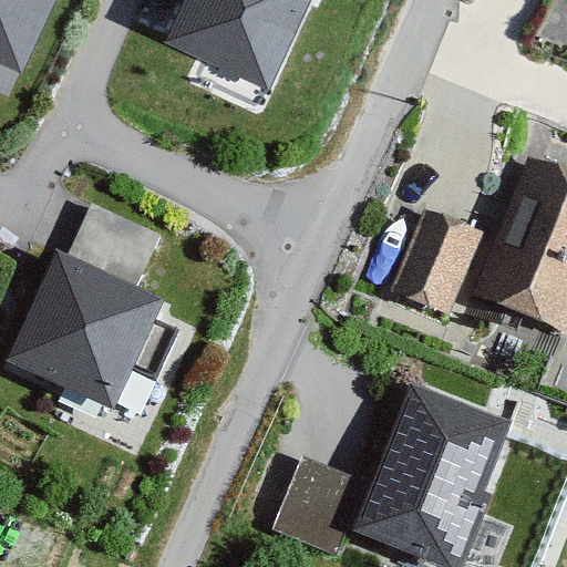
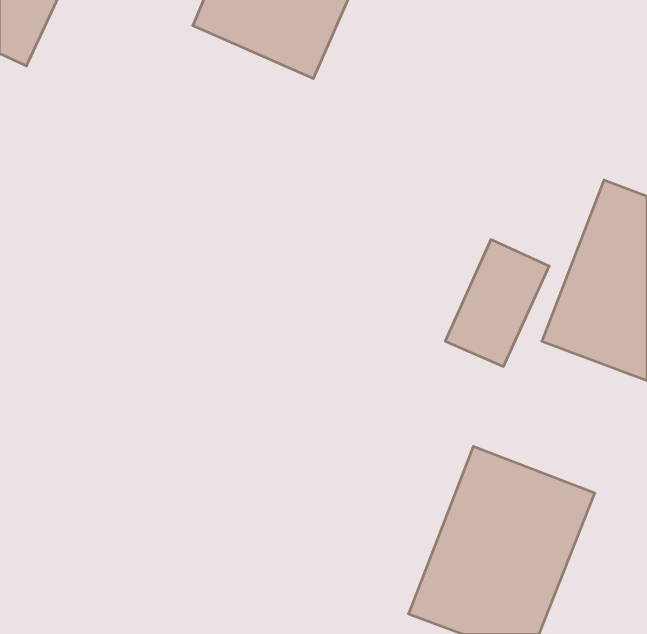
building: [9,200,167,411] -> none
building: [278,461,354,547] -> none

